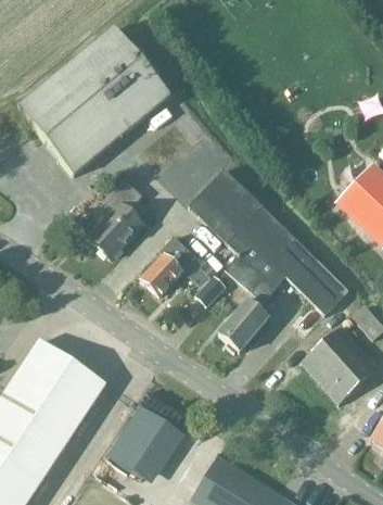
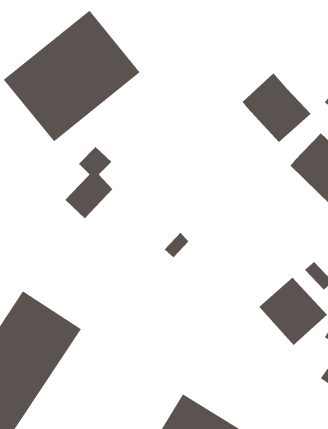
building: none -> [242,72,311,143]
building: [189,169,347,352] -> none
building: [139,236,205,295] -> none
building: [103,405,178,482] -> none

